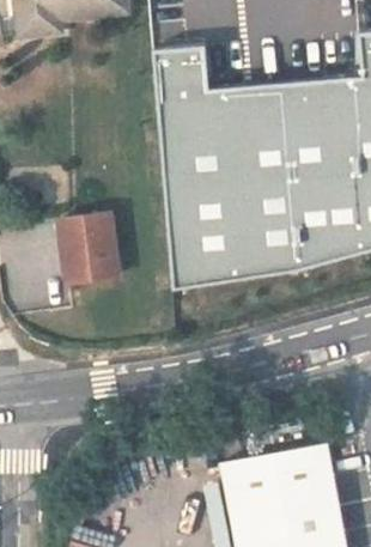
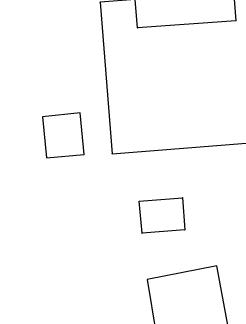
building: none -> [139,198,185,233]

